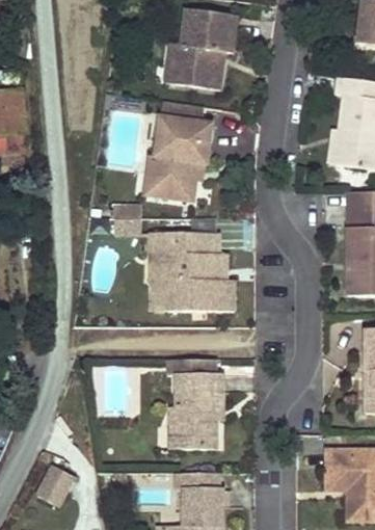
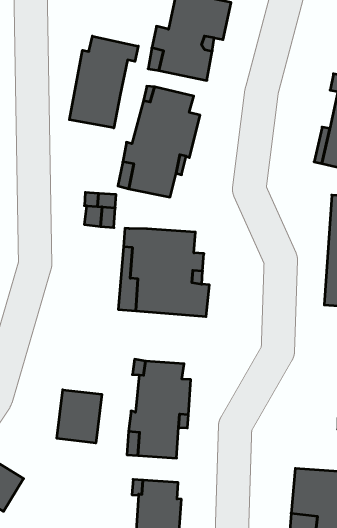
building: none -> [69,36,138,128]
building: none -> [57,390,102,443]

